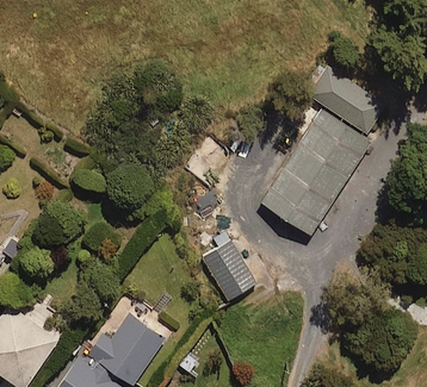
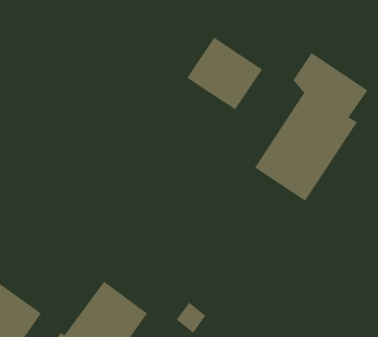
building: none -> [187,37,263,110]
building: [202,242,255,302] -> none

